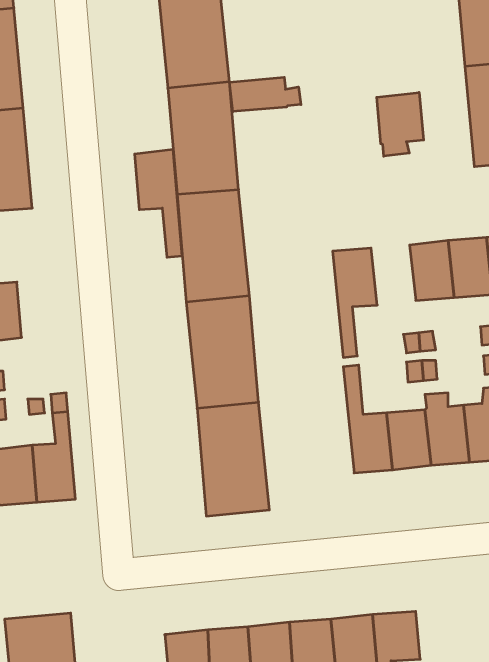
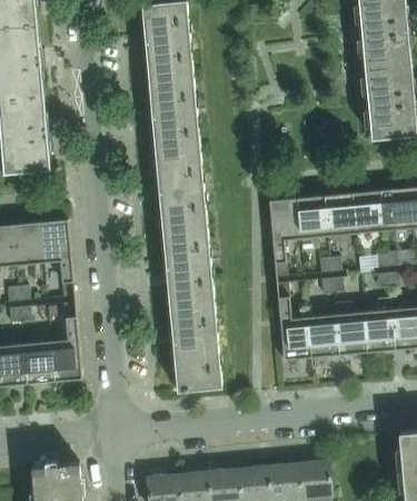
building: [229,77,301,112] -> none
building: [377,92,424,156] -> none
building: [135,150,182,257] -> [40,218,75,296]
building: none -> [296,195,328,238]

